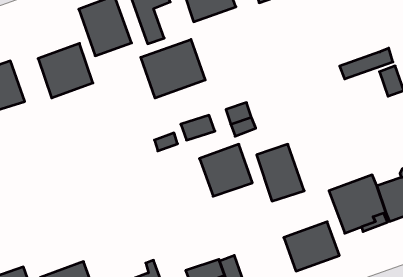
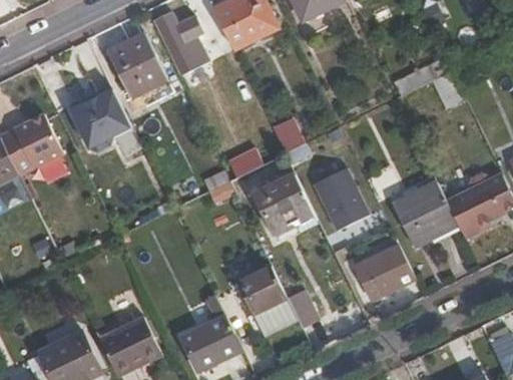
building: [141,39,205,98] -> none
building: none -> [237,267,287,315]

